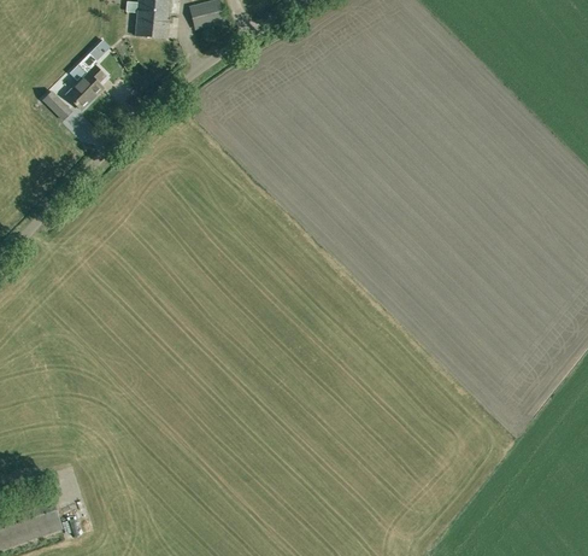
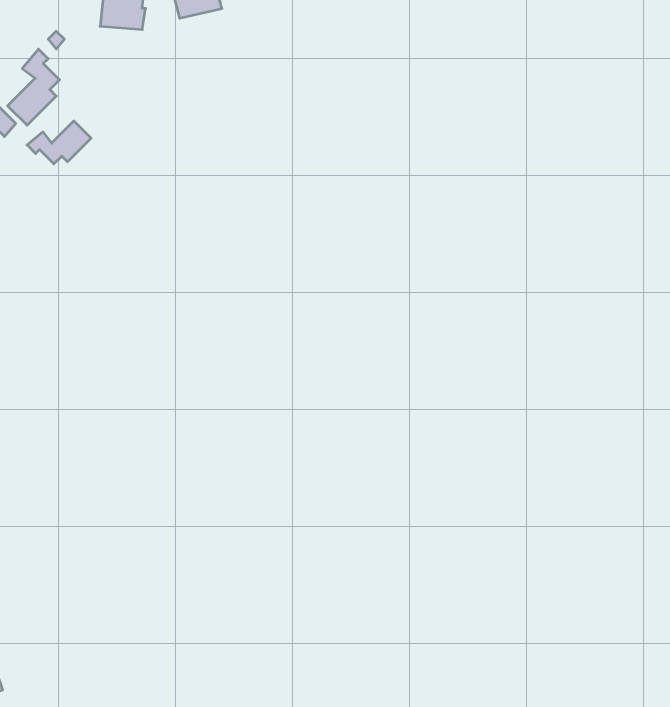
building: none -> [27,121,91,164]

